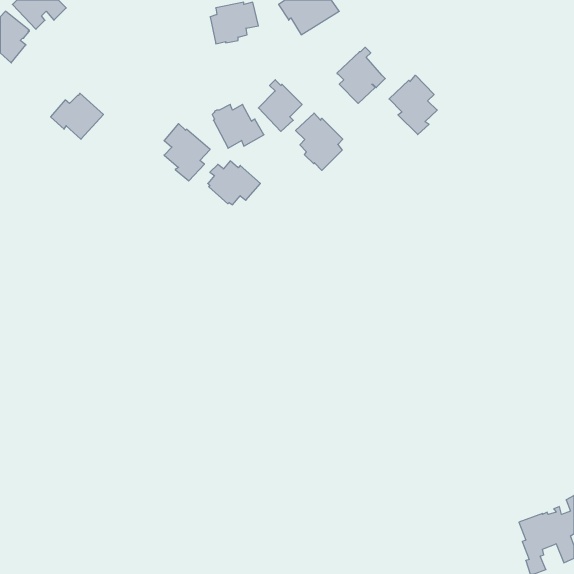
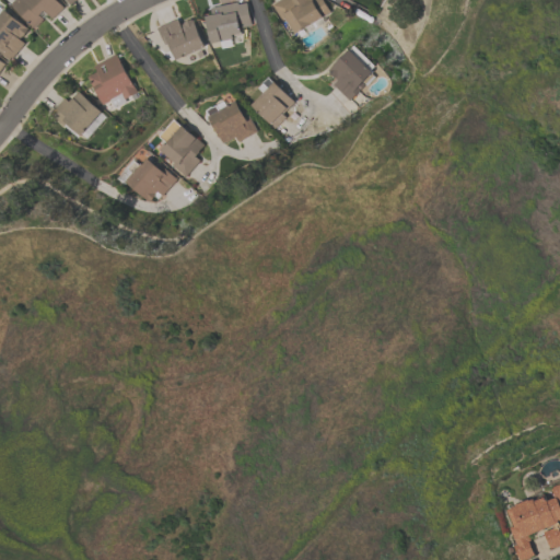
building: none -> [156,19,205,60]
building: none -> [86,55,136,108]
building: [389,75,437,135] -> none
building: [296,113,343,170] -> none
building: [208,161,260,205] -> [125,158,176,200]

